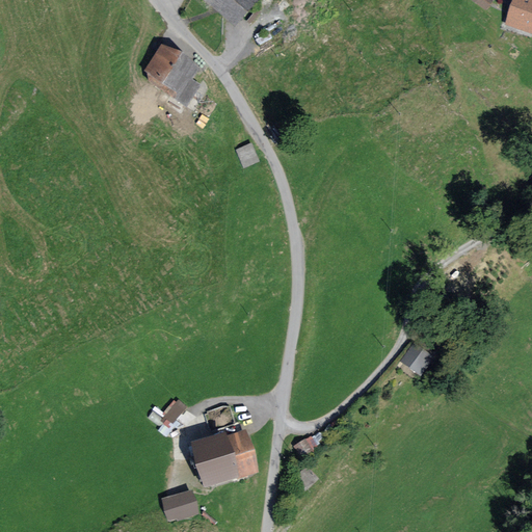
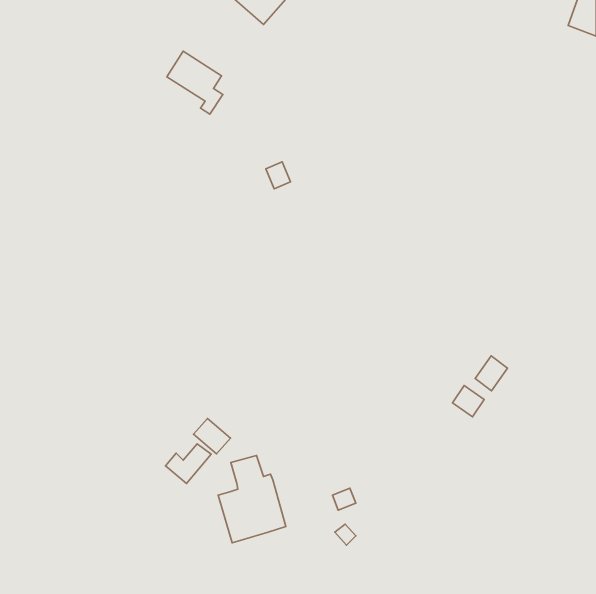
building: none -> [475,356,508,391]
building: none -> [193,419,231,454]
building: [161,494,196,524] -> none

